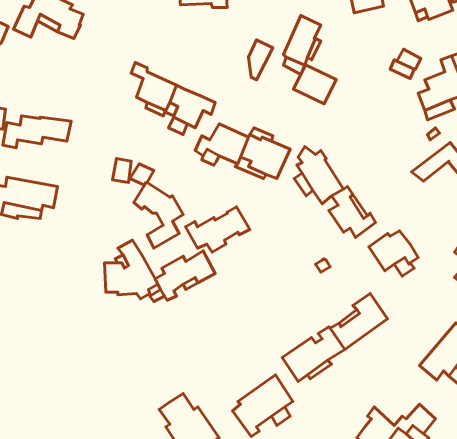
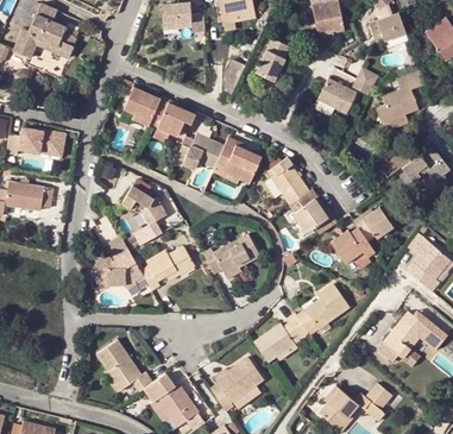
building: [293,65,336,104] -> [316,77,354,112]
building: [186,207,250,252] -> [202,235,259,276]
building: none -> [353,208,391,240]
building: none -> [96,340,152,391]

